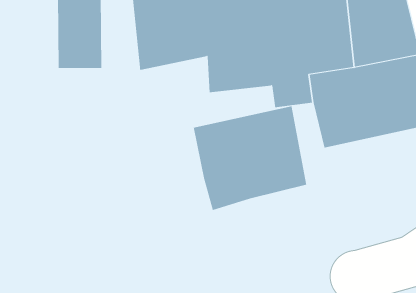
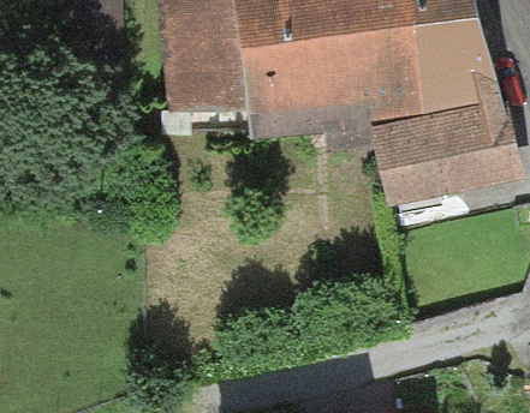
building: [193,106,307,211] -> none

